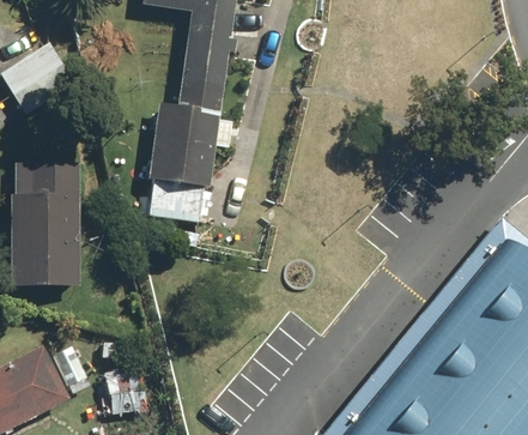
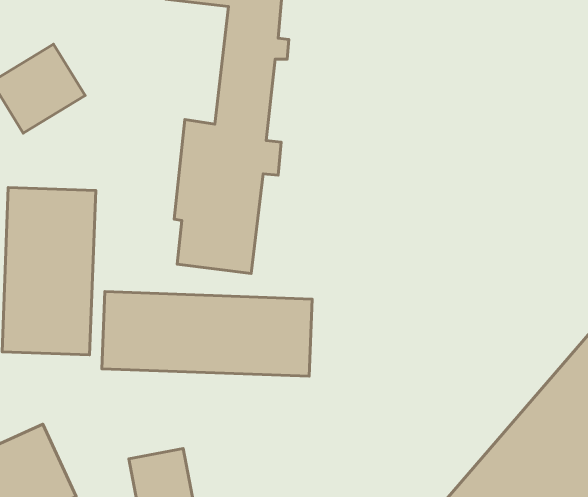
building: none -> [102,292,312,376]

